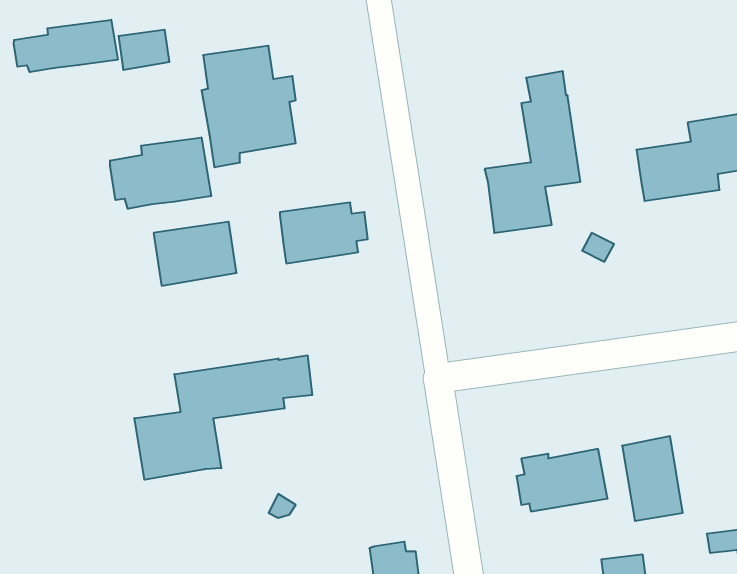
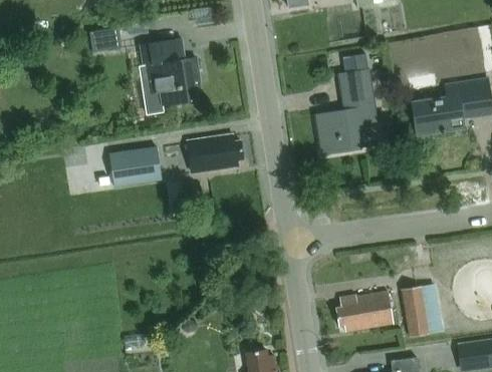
building: [14,20,118,72] -> none
building: [110,137,211,209] -> none
building: [134,355,312,480] -> none

